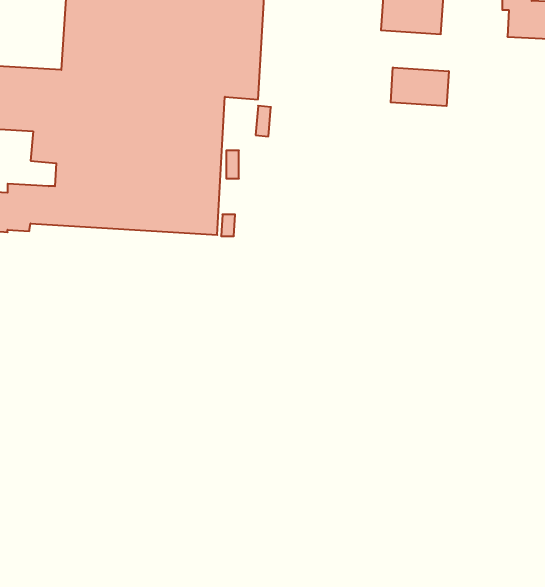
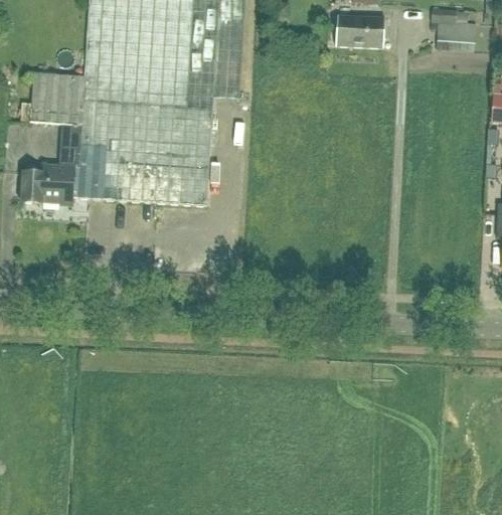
building: [391,67,449,106] -> none

